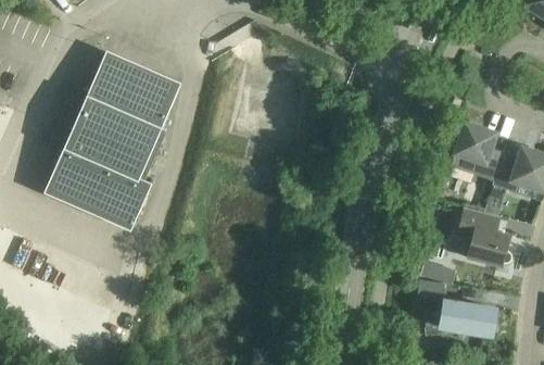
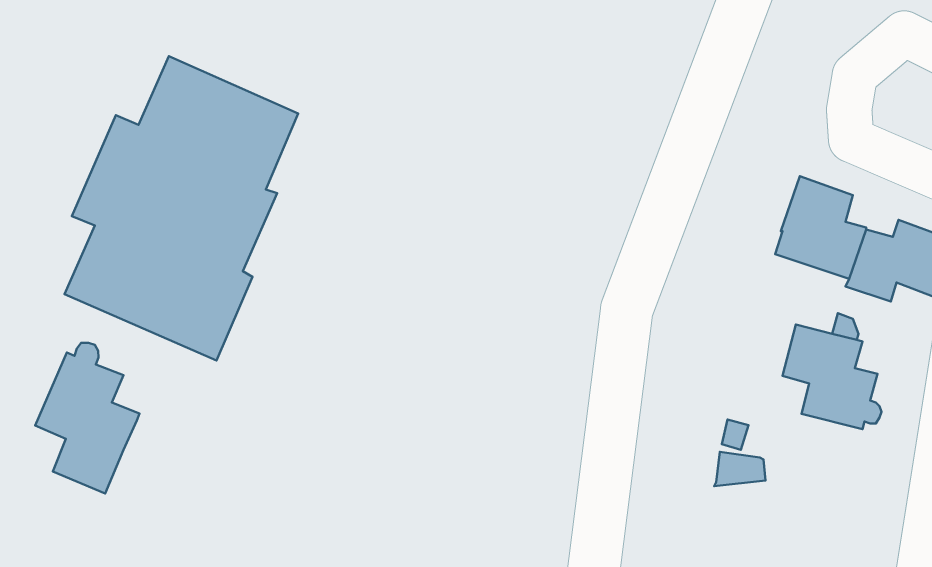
building: none -> [35,343,139,493]
building: [423,300,496,336] -> none

